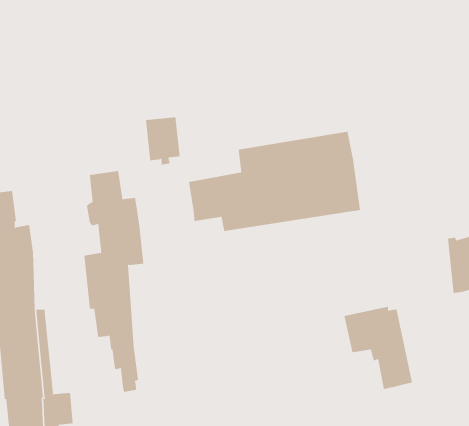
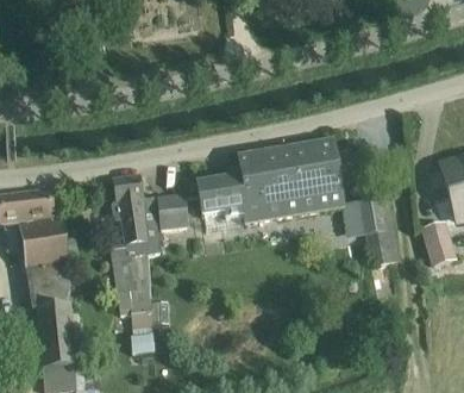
building: [145,117,181,165] -> [157,191,187,231]
building: [343,306,413,389] -> [341,194,400,264]

